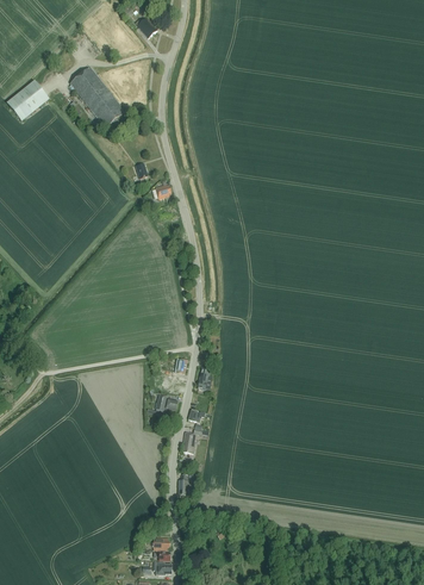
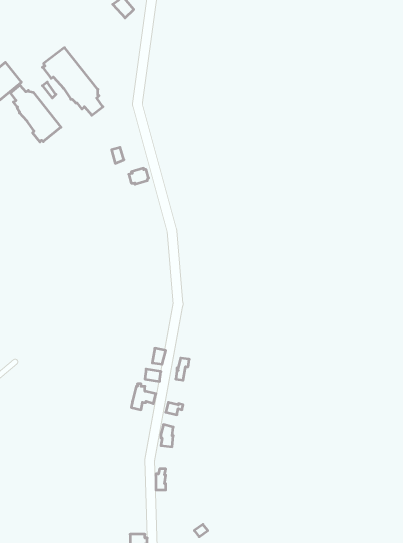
building: none -> [10,85,61,142]

